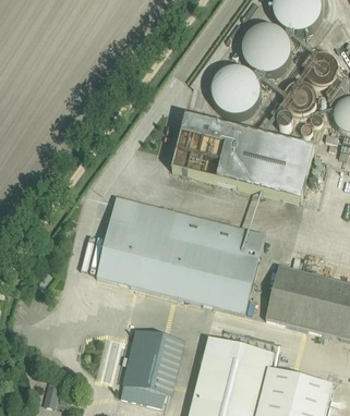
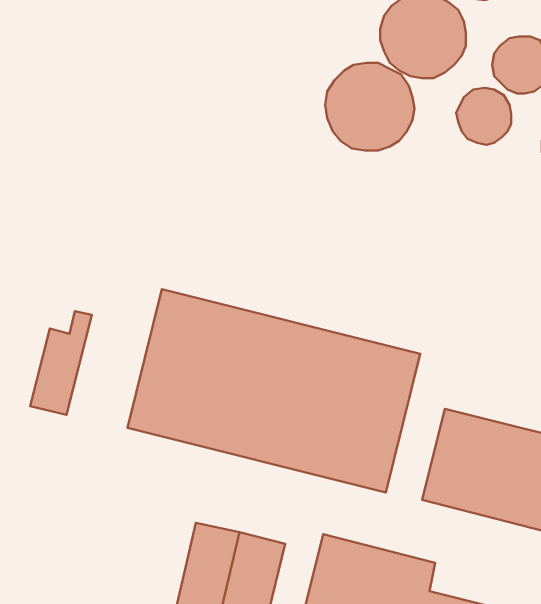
building: [171,117,314,201] -> none
building: none -> [30,311,92,415]

